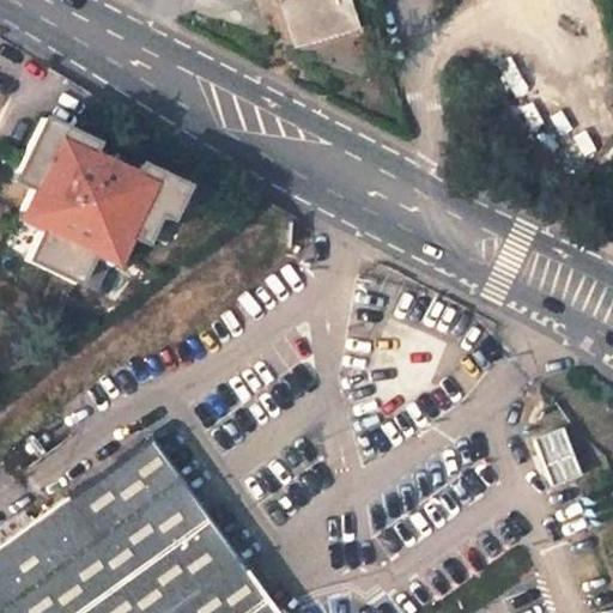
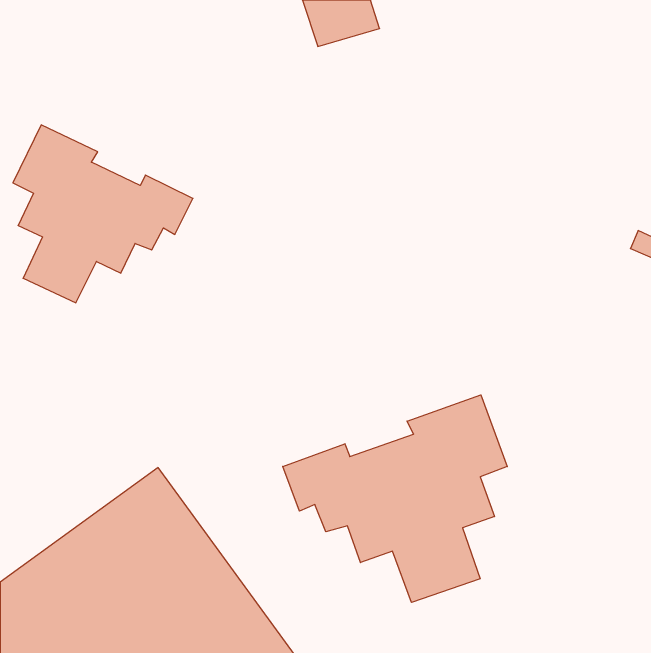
building: none -> [283,395,507,602]
building: [532,427,581,491] -> none

